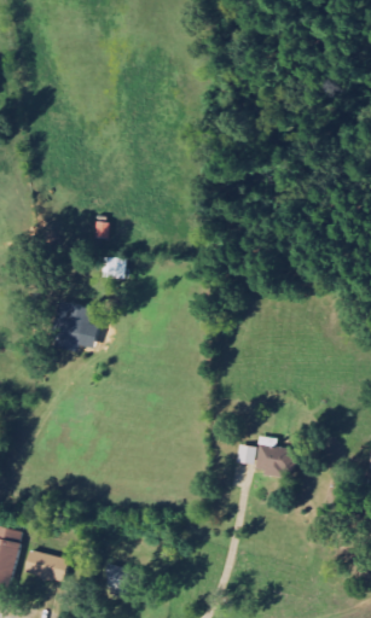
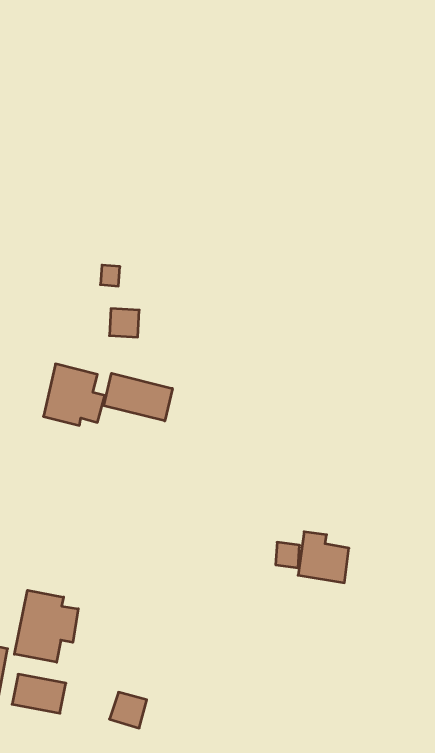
building: none -> [104,373,172,421]
building: none -> [14,590,78,662]

